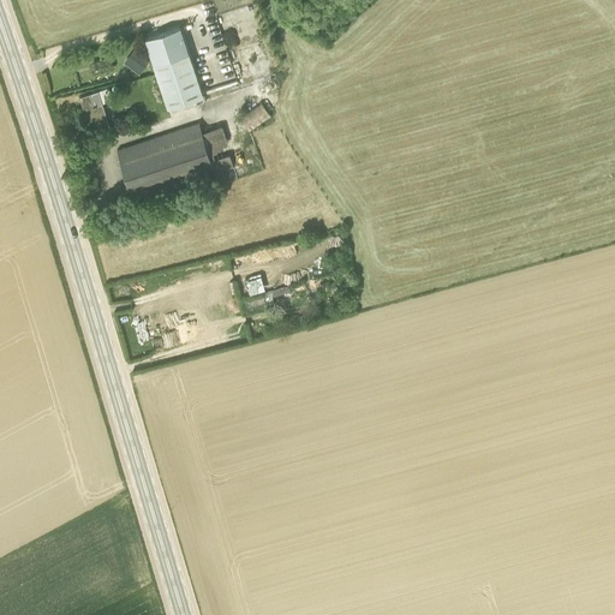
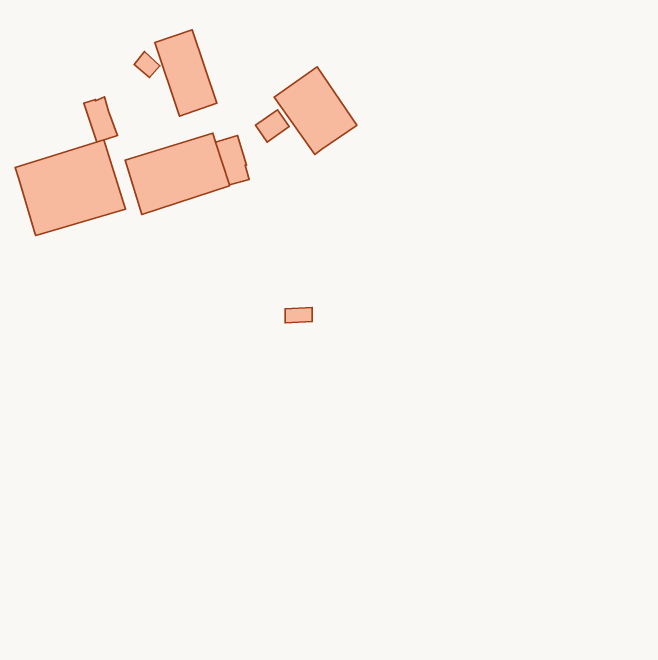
building: none -> [274,67,357,154]
building: none -> [15,140,125,235]

